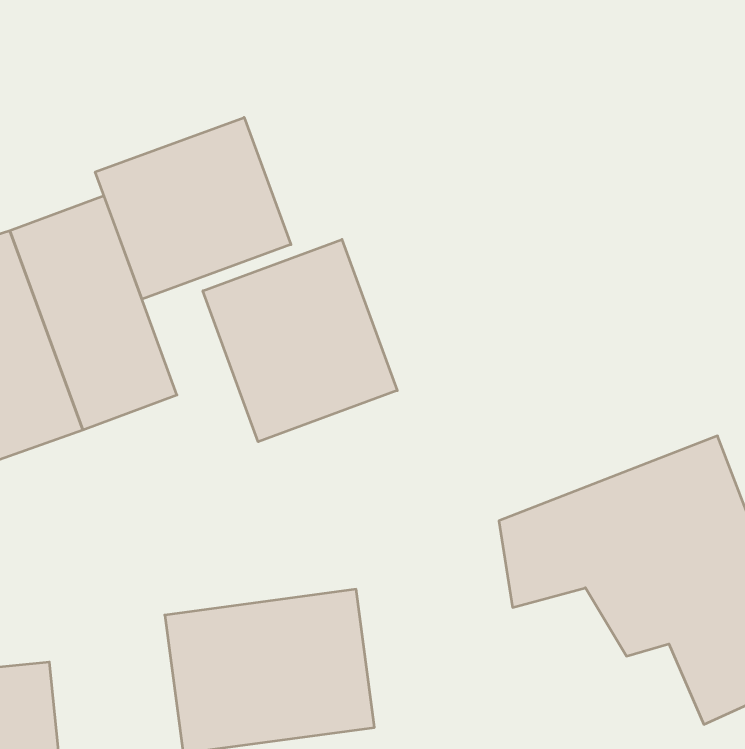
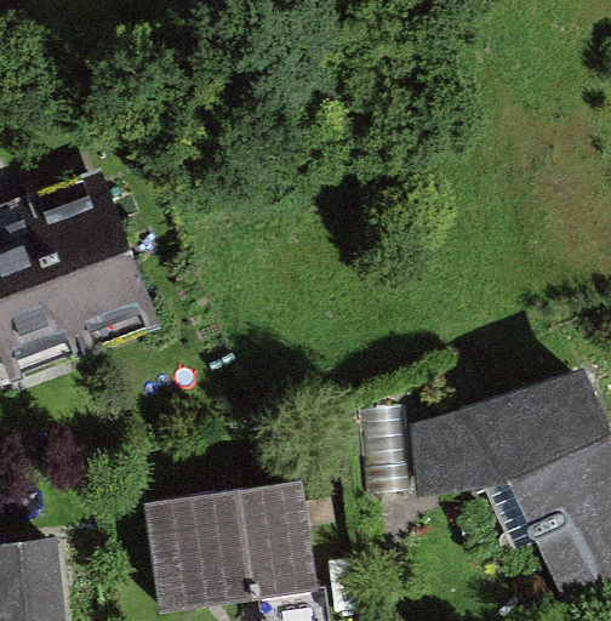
building: [95,117,291,299] -> none
building: [203,239,397,442] -> none

